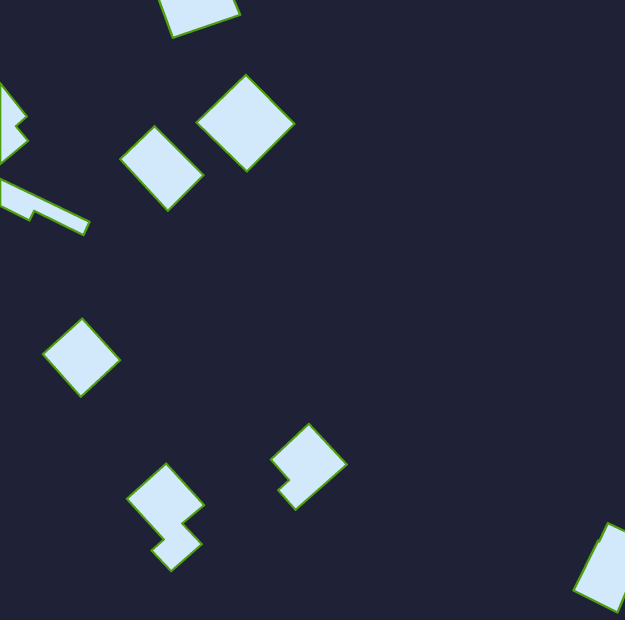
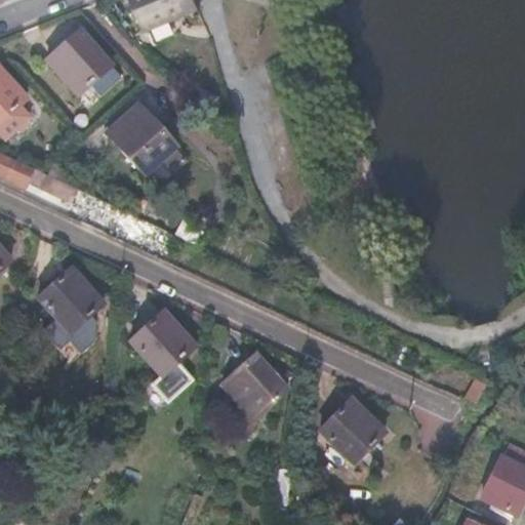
building: none -> [45,29,112,93]
building: [197,75,294,172] -> none
building: [127,463,204,571] -> [130,310,195,400]
building: none -> [319,396,385,461]

